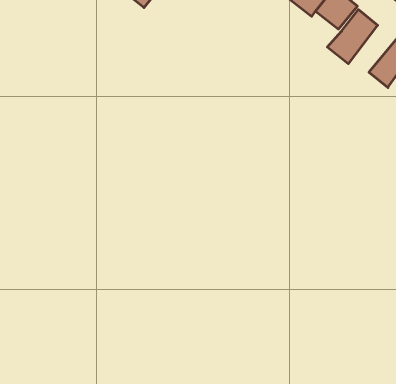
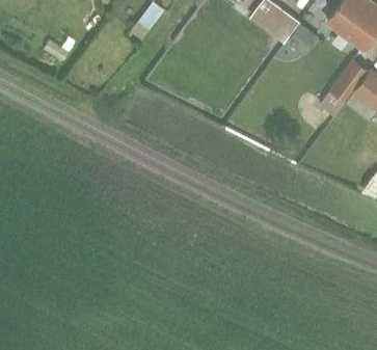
building: [327,10,378,64] -> none

